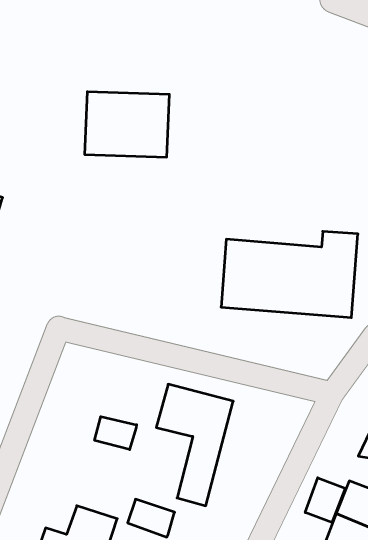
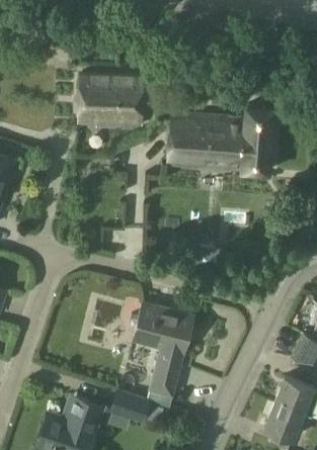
building: [221,231,358,318] -> [168,106,274,173]
building: [95,417,137,450] -> none
building: [305,478,345,522] -> none

